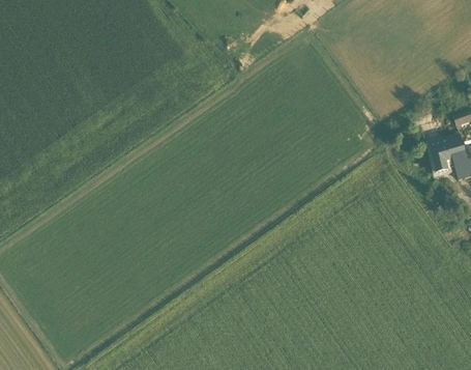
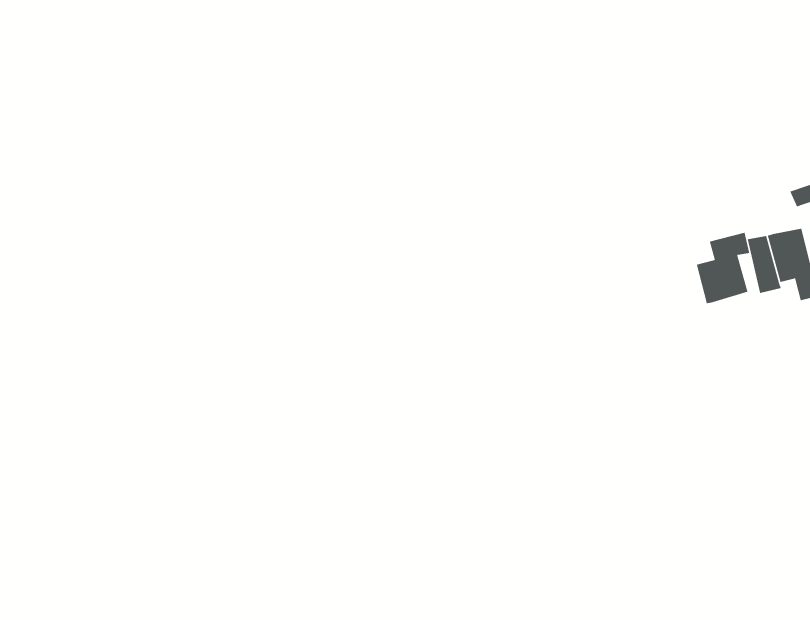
building: none -> [696,232,750,304]

